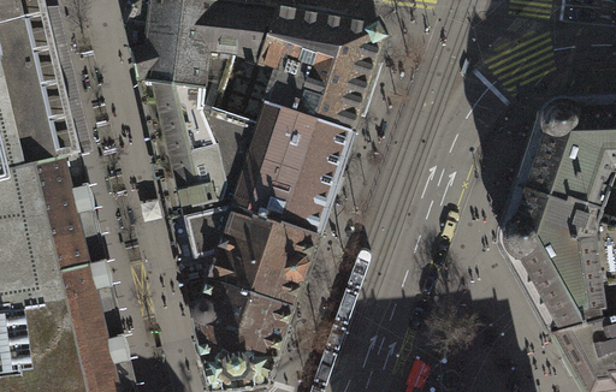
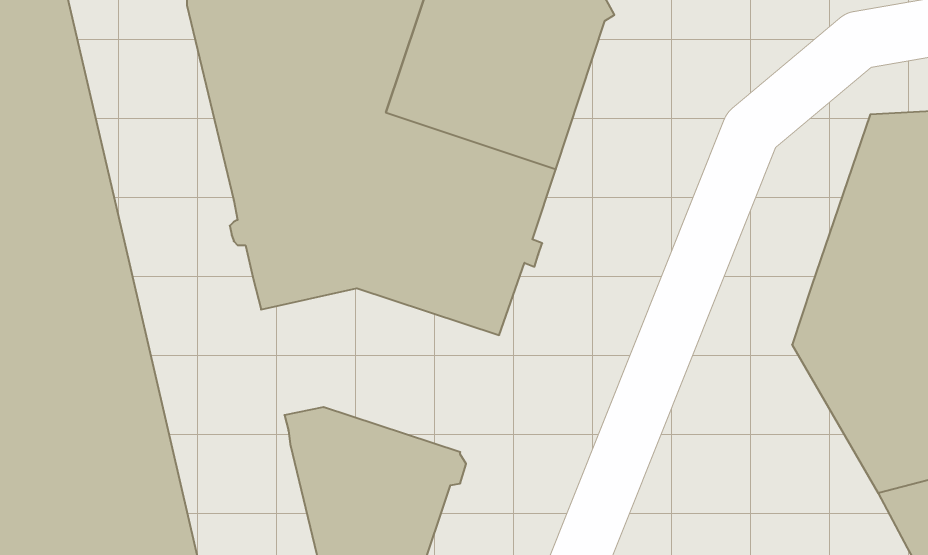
building: [171,202,318,303] -> none

